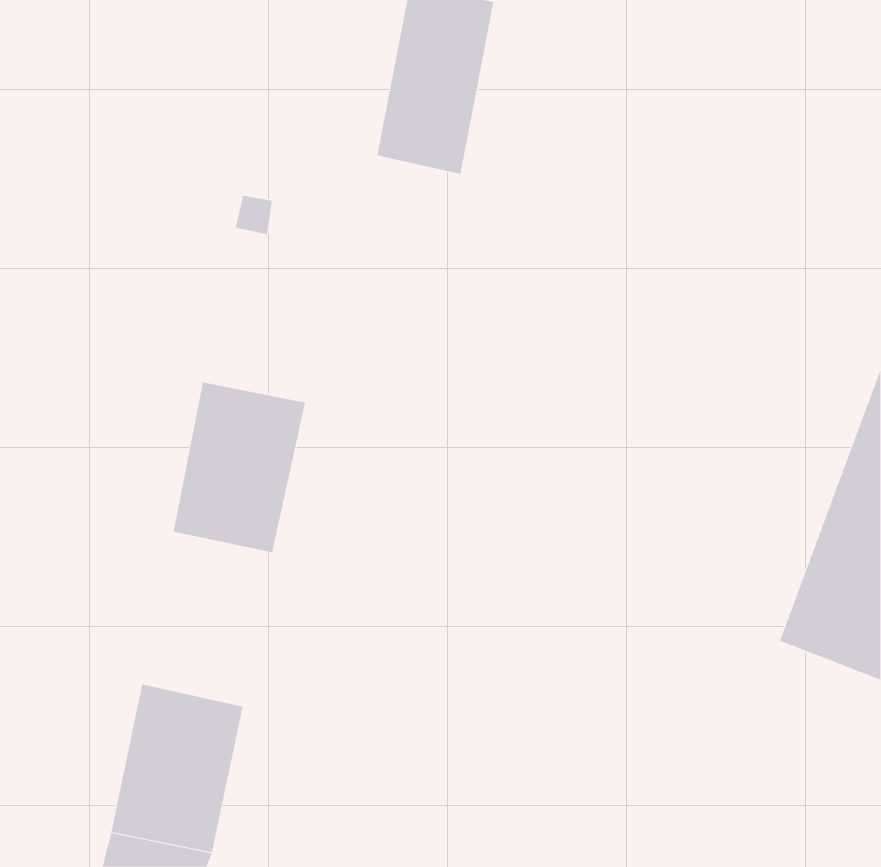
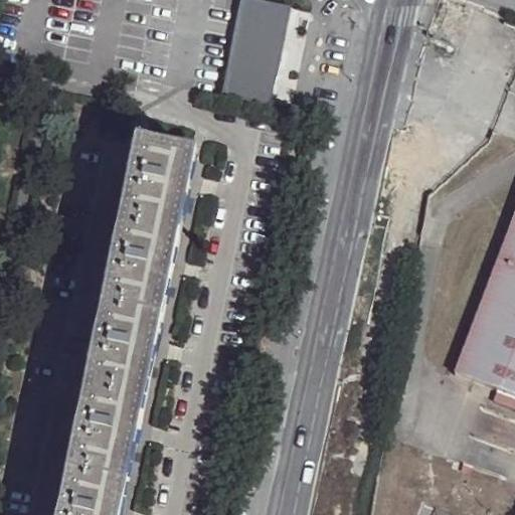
building: none -> [118,139,195,234]
building: none -> [82,310,159,411]

